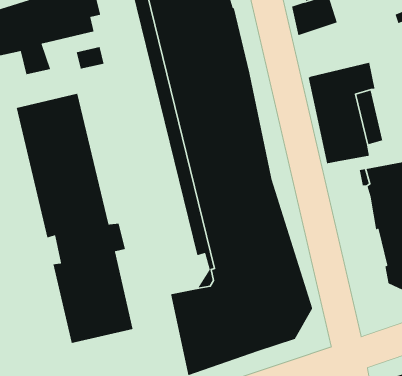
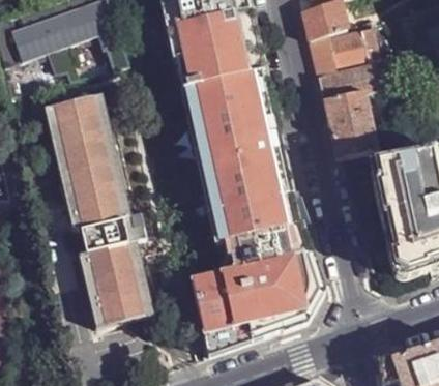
building: none -> [308,25,378,71]

